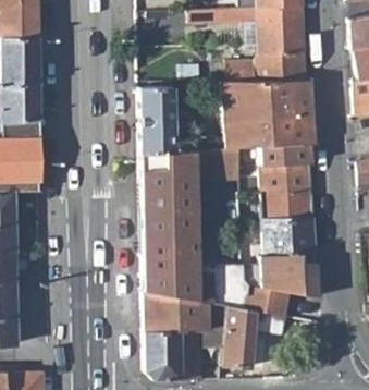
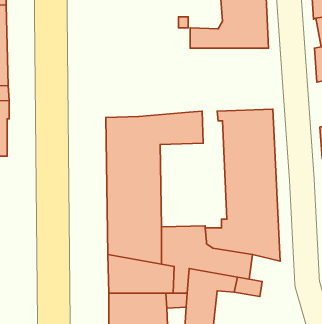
building: [221,81,312,146] -> none
building: [139,86,174,151] -> none

